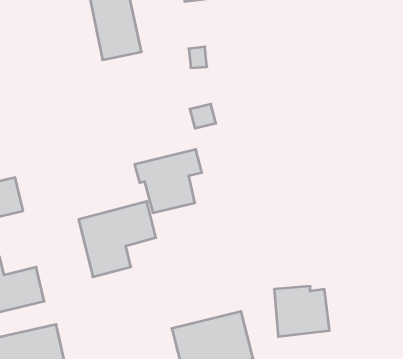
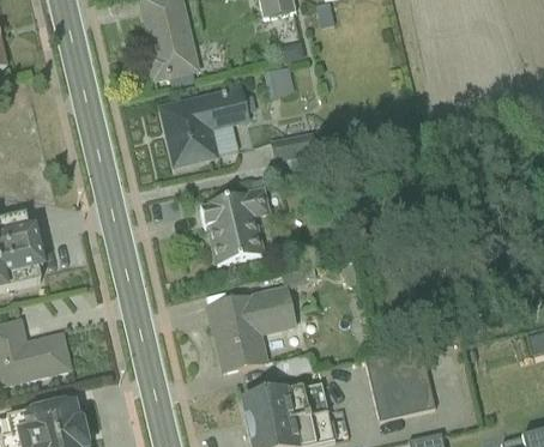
building: none -> [157,83,248,165]
building: [79,201,156,277] -> [206,282,298,372]

